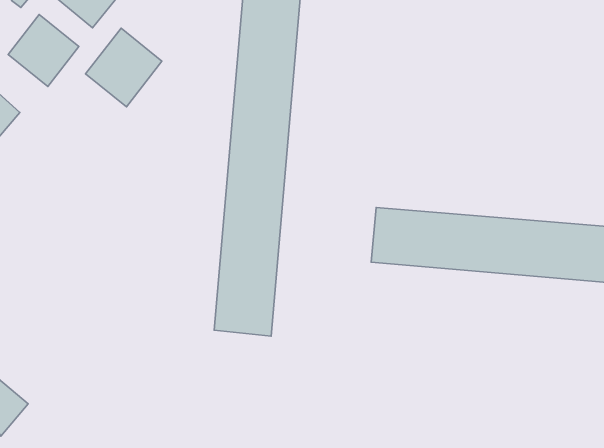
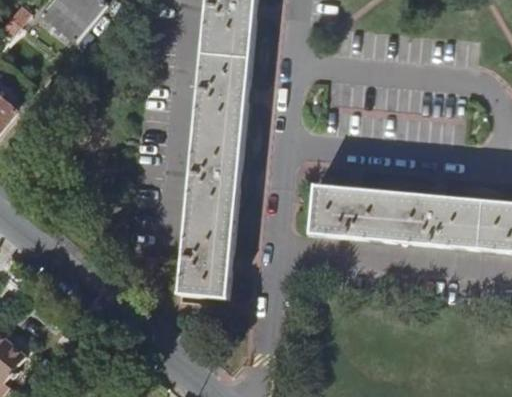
building: [8,14,79,87] -> none
building: [86,28,162,107] -> none

